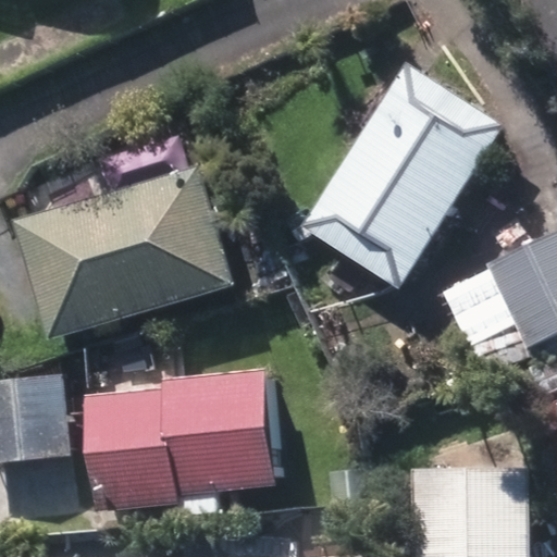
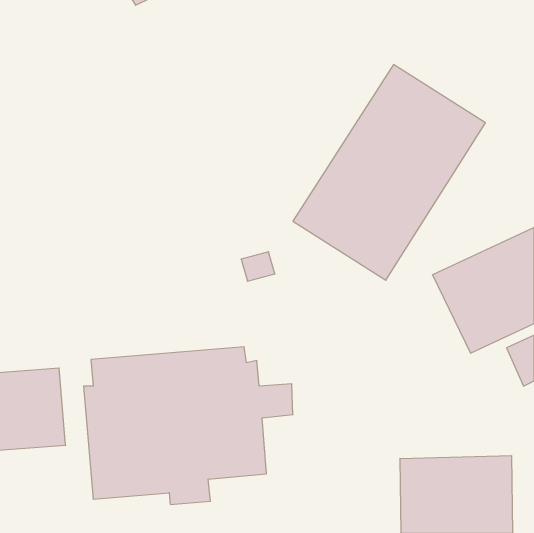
building: [13,169,233,338] -> none

